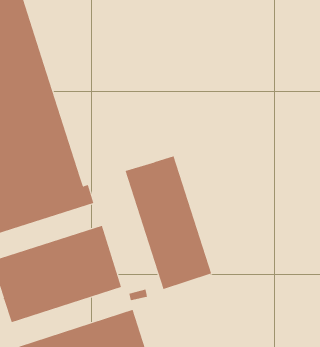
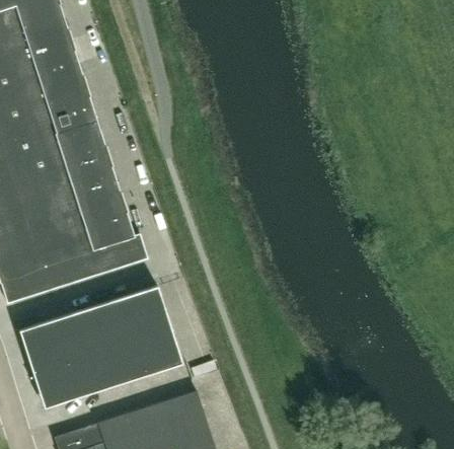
building: [125,155,212,290] -> none

